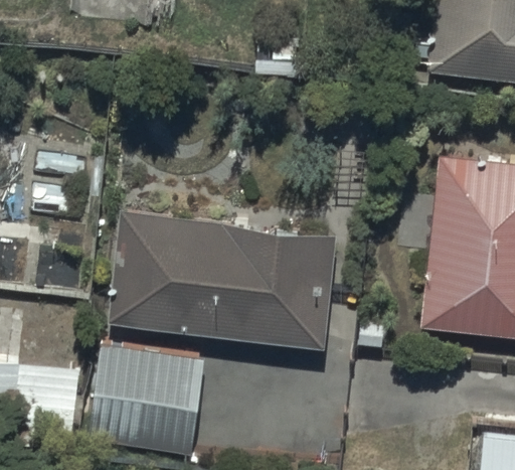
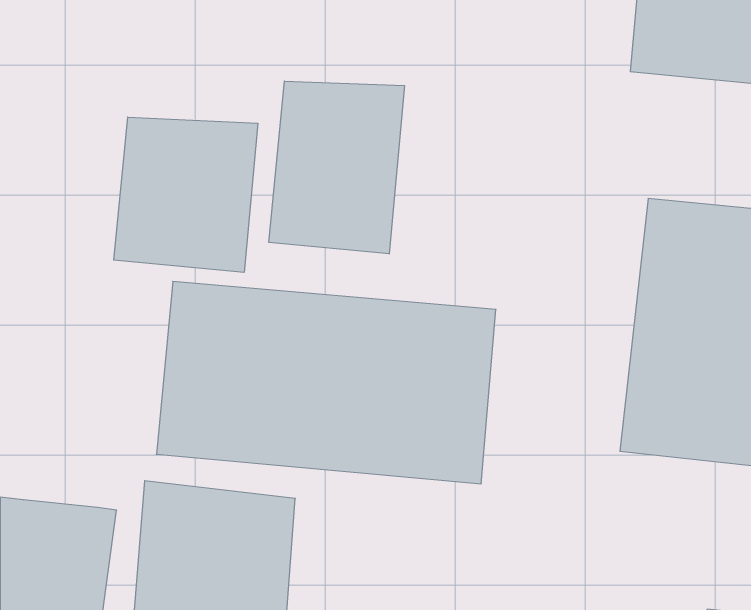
building: none -> [269,81,404,254]
building: none -> [114,117,258,272]

